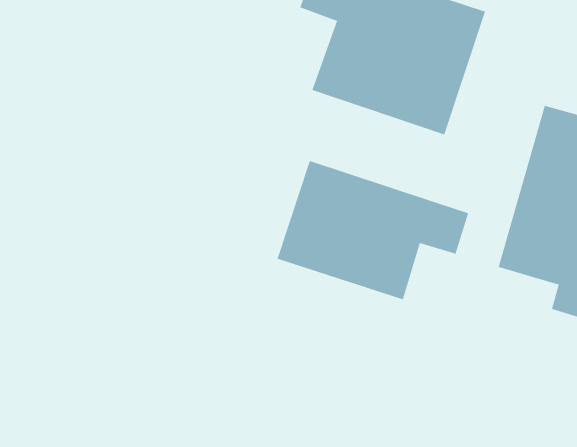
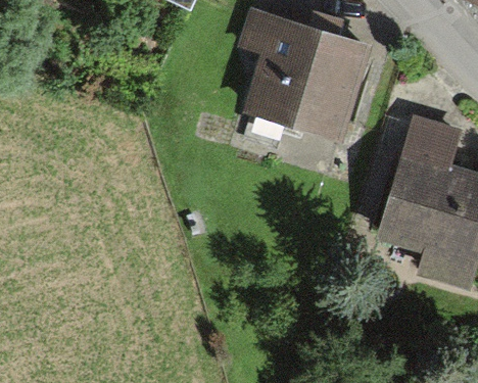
building: [277,160,469,300] -> none

